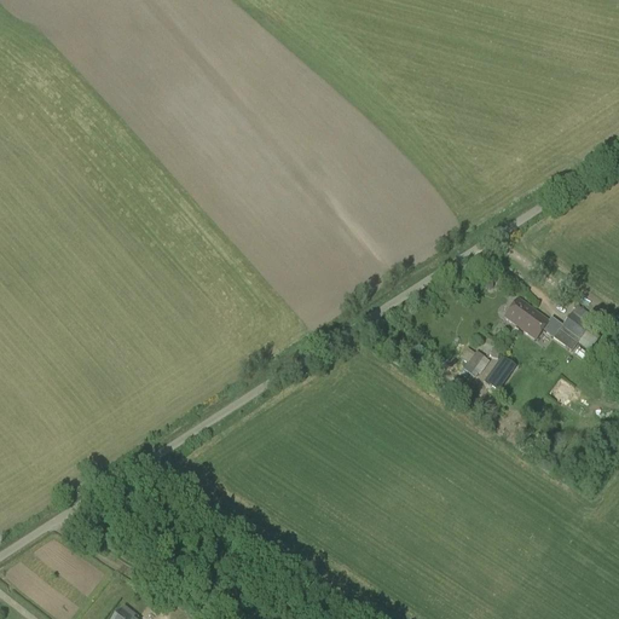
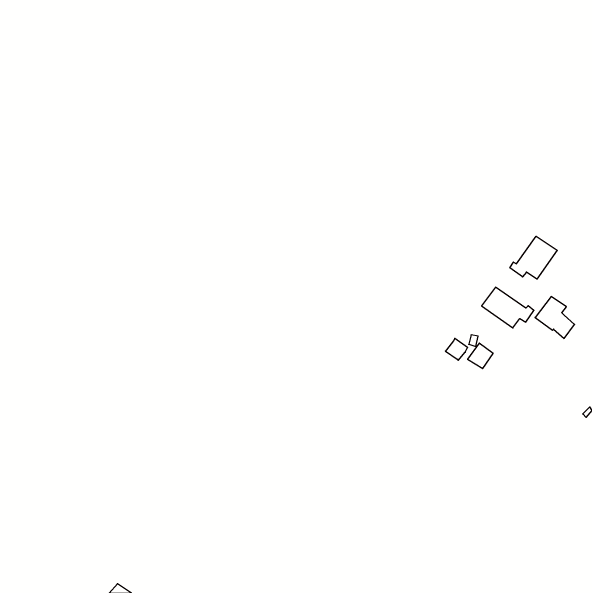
building: none -> [510,236,557,279]

